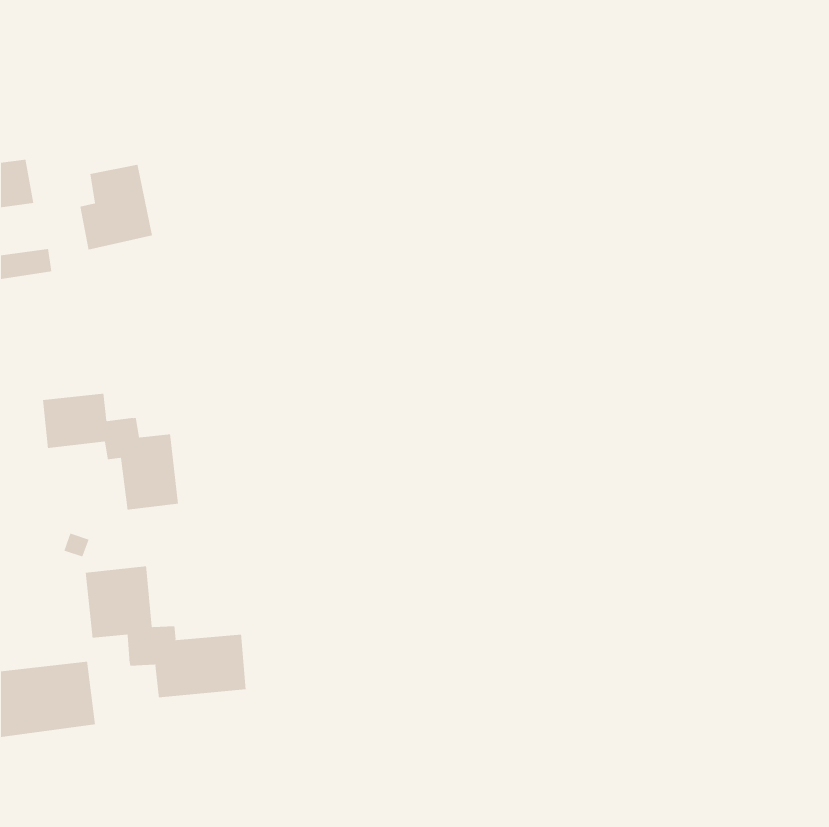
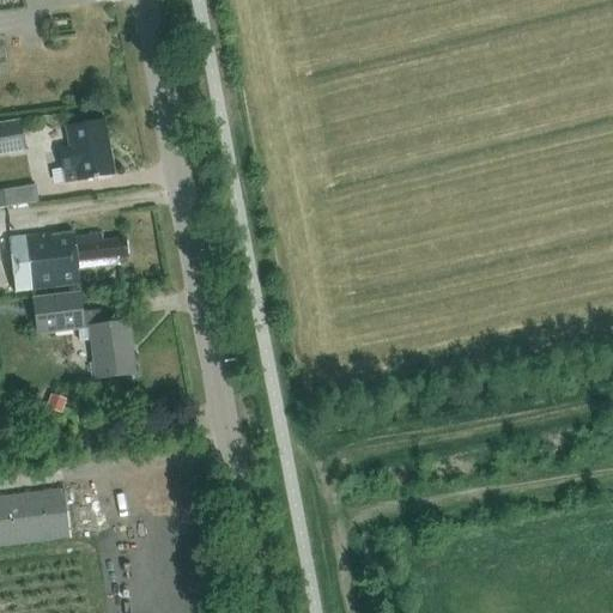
building: none -> [7,230,126,290]
building: [85,565,246,698] -> none

